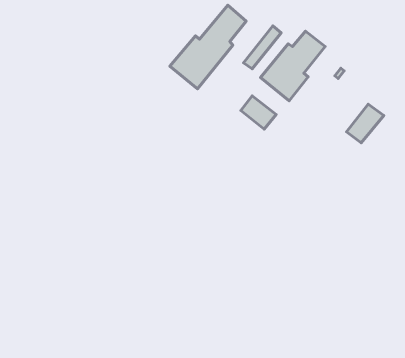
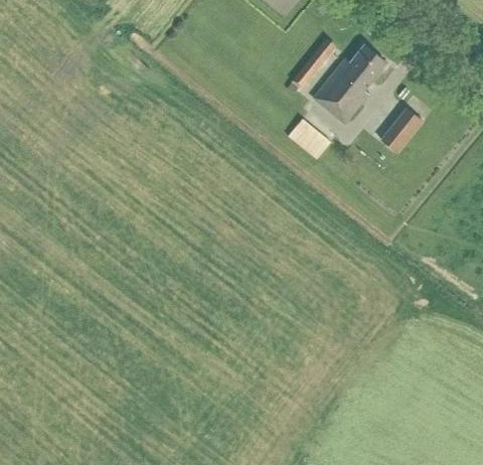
building: [170,5,246,89] -> none
building: [347,104,384,143] -> [380,107,424,152]

